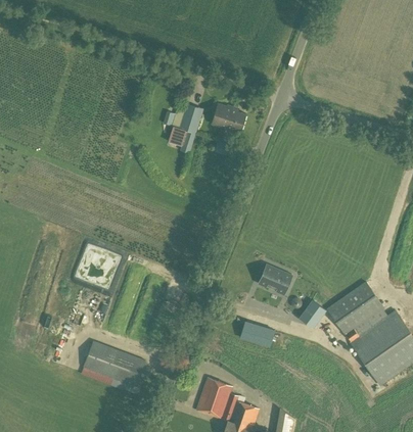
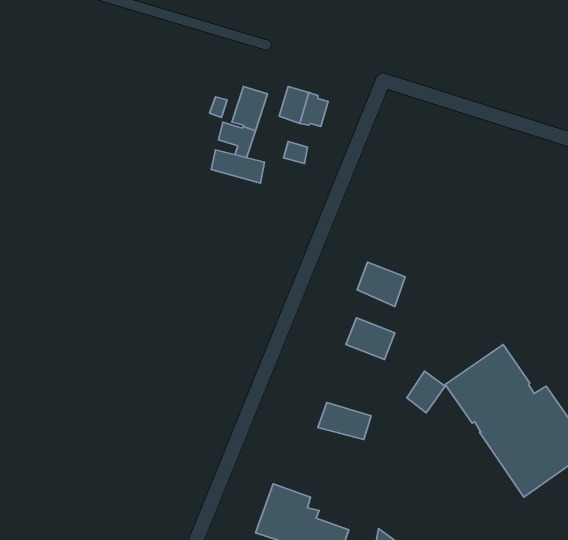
building: none -> [211,150,264,183]
building: none -> [357,262,405,307]
building: [82,340,145,387] -> none

